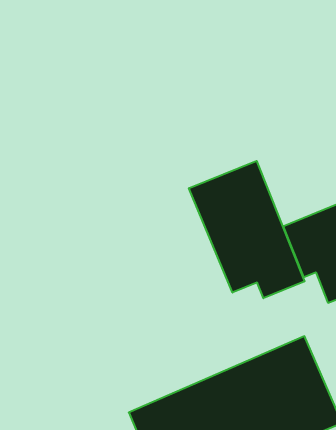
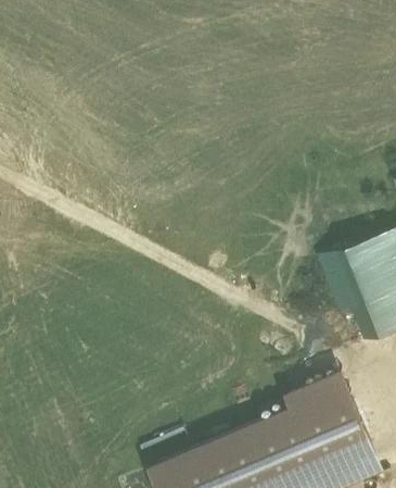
building: [189,161,305,298] -> none

